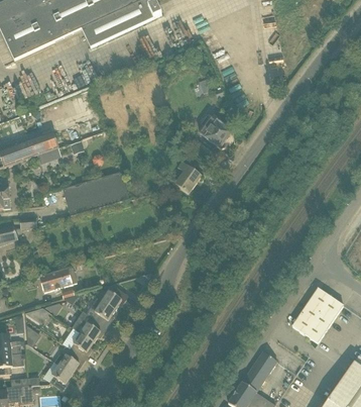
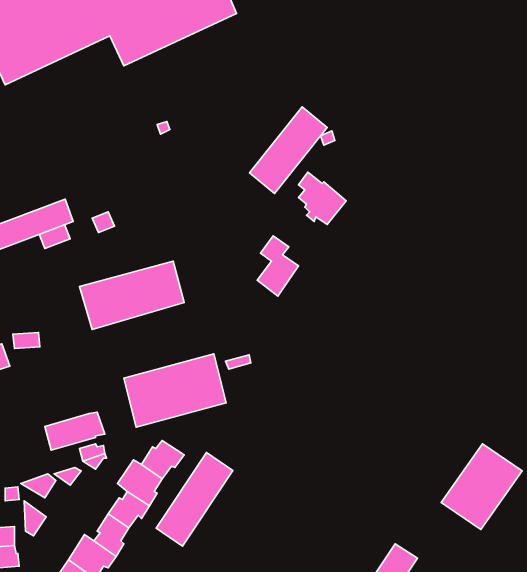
building: none -> [249,107,327,194]
building: none -> [124,354,226,427]
building: none -> [156,452,233,546]

